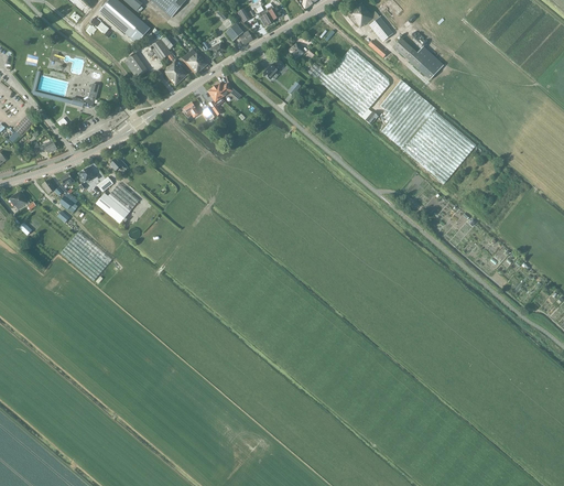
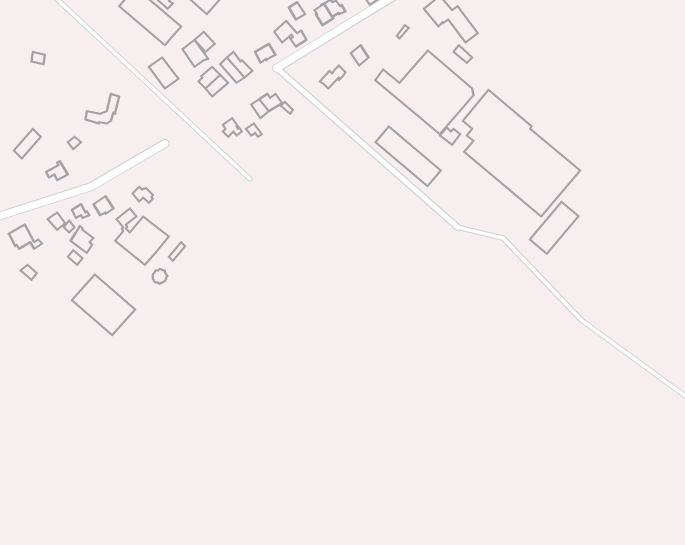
building: [393,37,443,79] -> none
building: none -> [376,126,441,186]
building: none -> [530,202,579,254]

